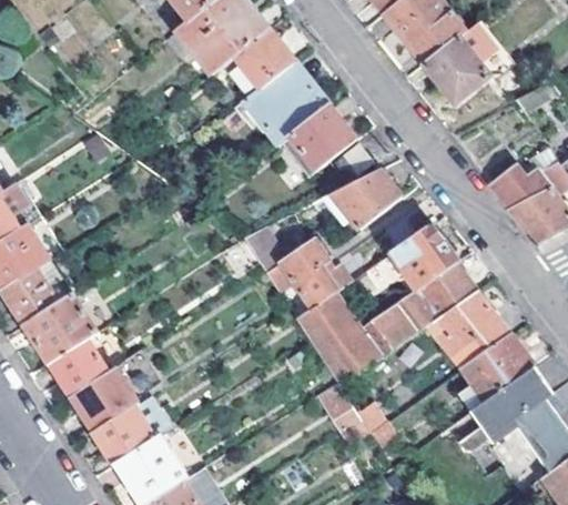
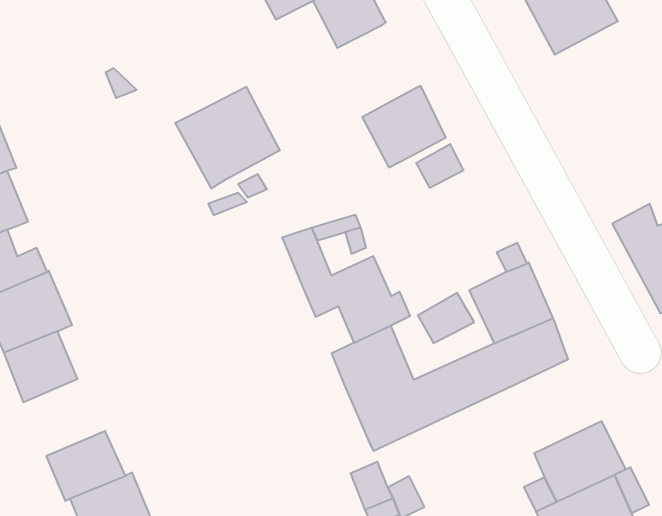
building: [424,37,491,103] -> none
building: [242,64,324,145] -> [175,87,280,188]
building: [331,169,400,229] -> none
building: [436,292,507,362] -> none
building: [70,365,140,433] -> none

